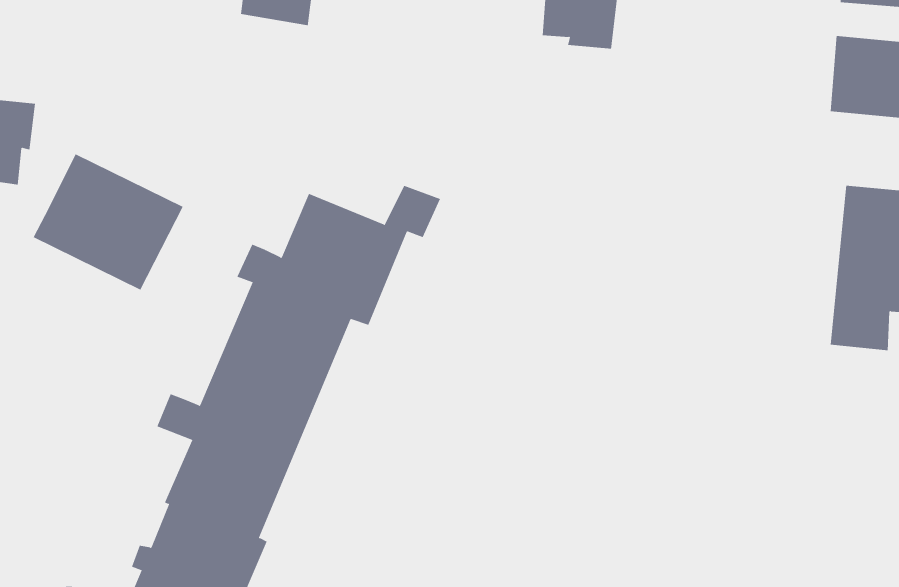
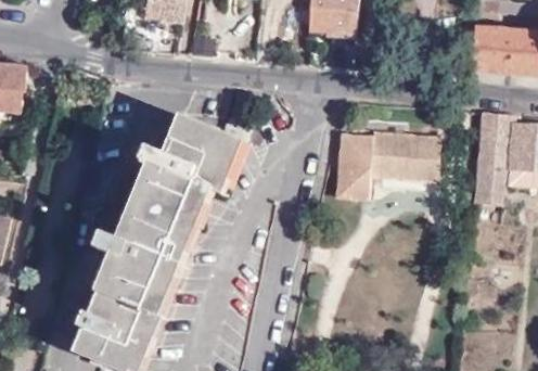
building: [33,154,183,290] -> none
building: none -> [336,131,440,199]

